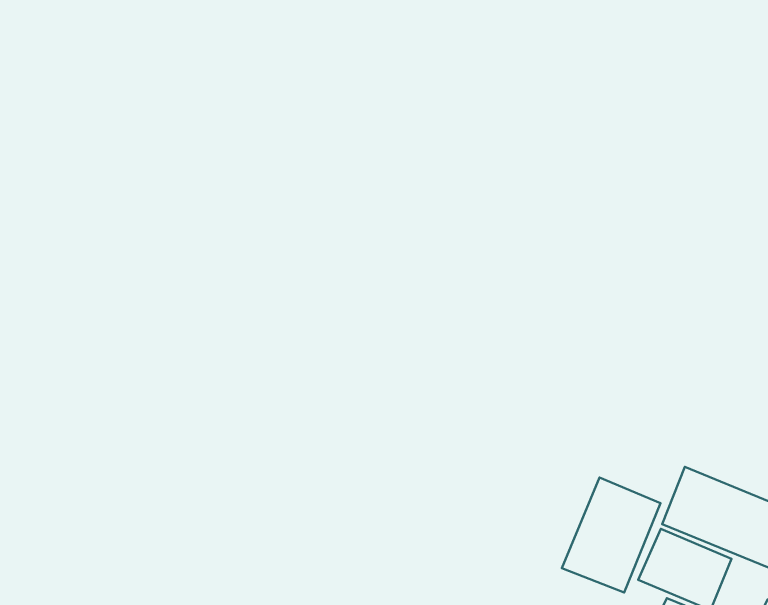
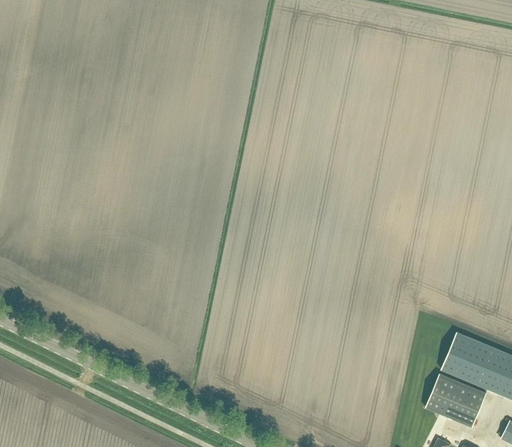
building: [562,477,661,593] -> none

